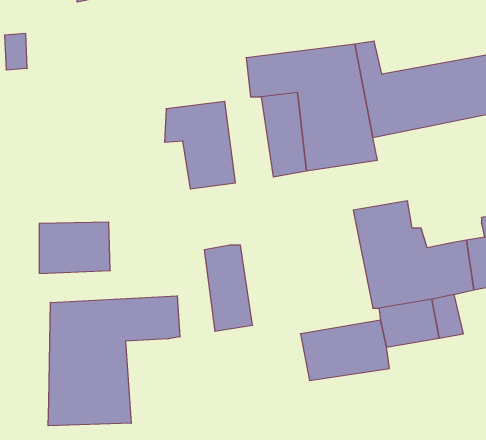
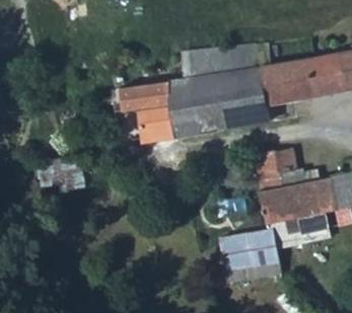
building: [204,245,253,331] -> [166,80,199,138]
building: [48,296,180,426] -> none

